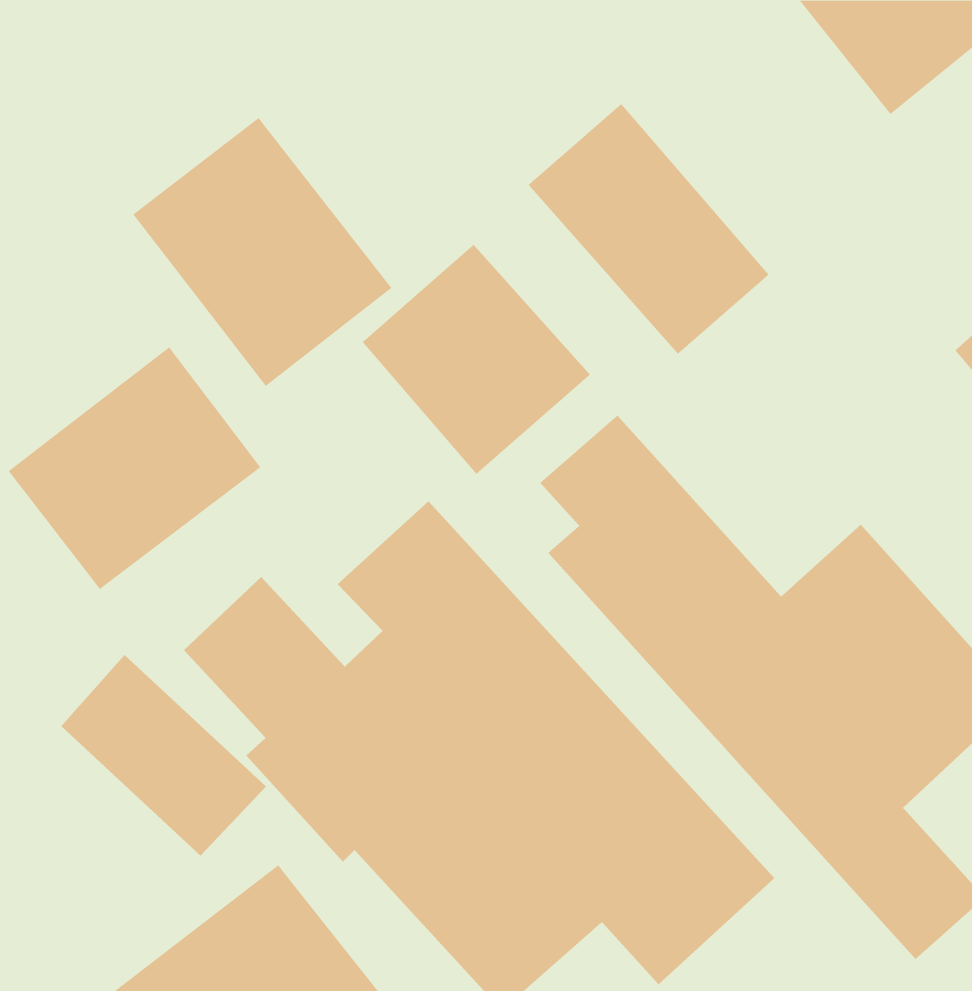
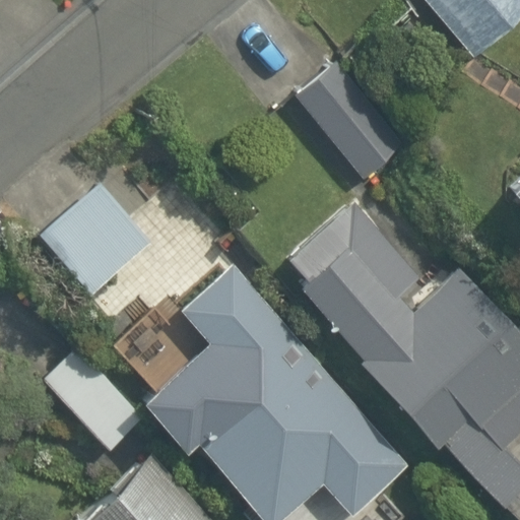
building: [133,117,392,387] -> none
building: [362,244,591,475] -> none

